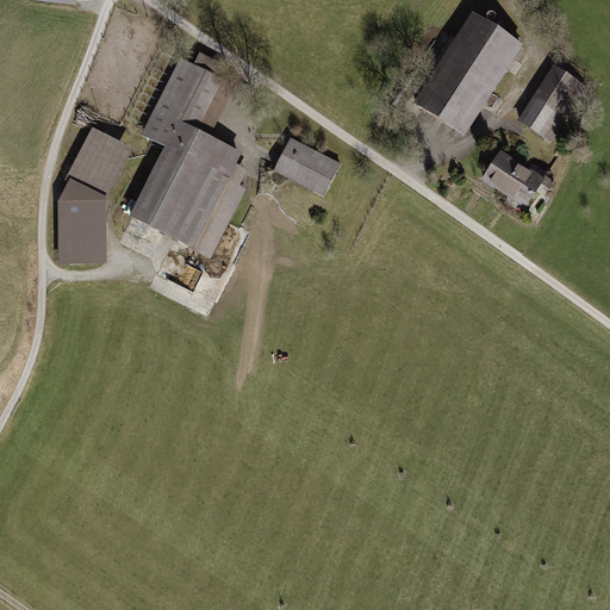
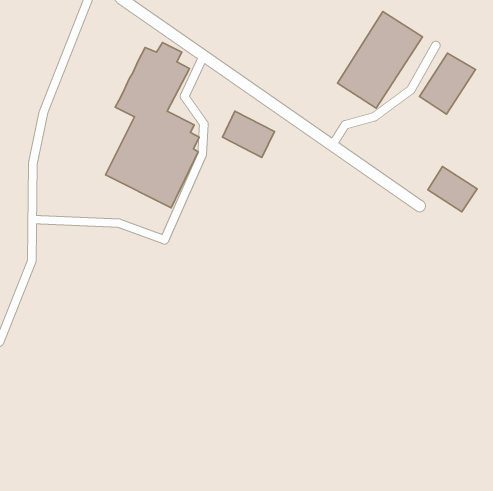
building: [57,129,130,263] -> none
building: [483,150,543,206] -> [428,167,477,212]

